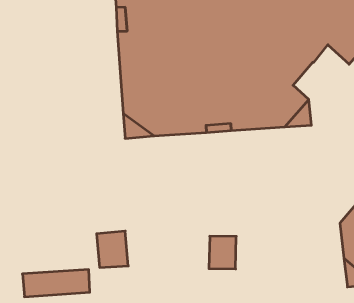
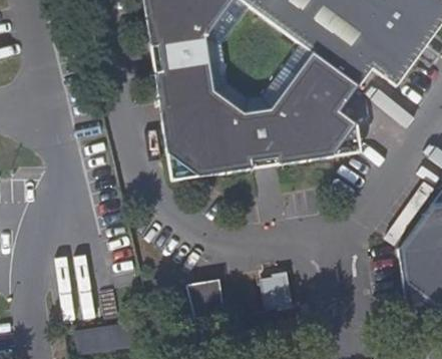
building: [97,231,128,267] -> [190,278,226,317]

